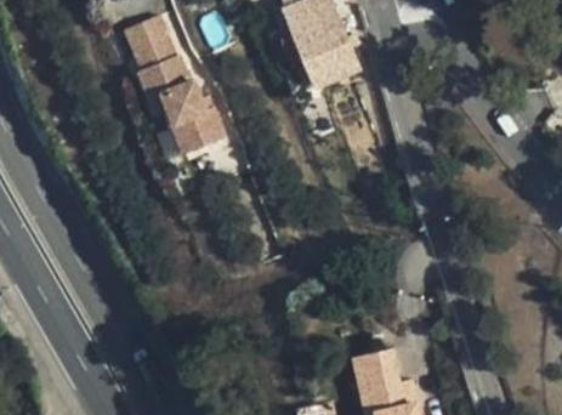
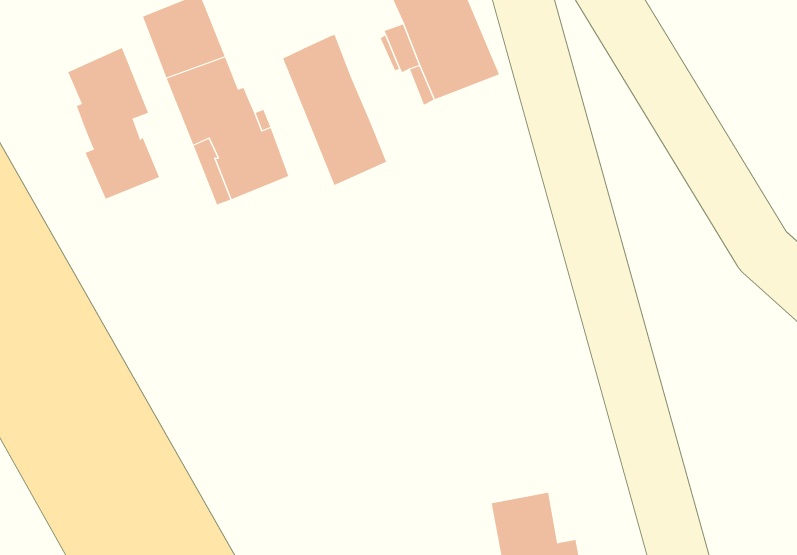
building: none -> [283,34,387,186]
building: none -> [68,47,160,200]

